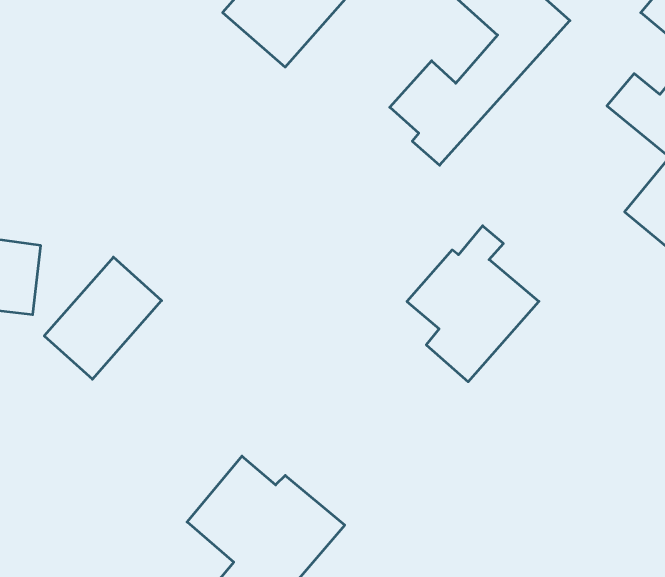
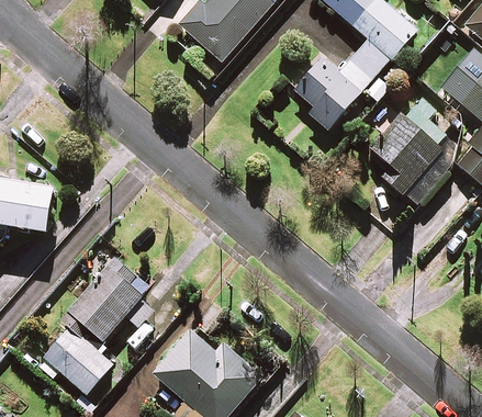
building: [407,226,539,382] -> [370,99,460,205]
building: [44,257,162,379] -> [70,257,150,340]
building: none -> [37,326,113,393]

